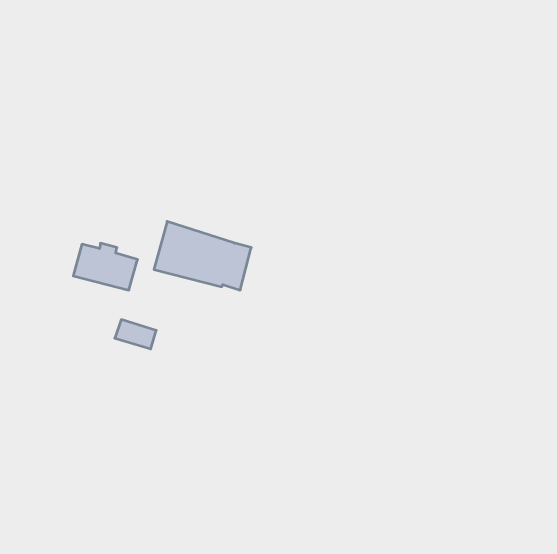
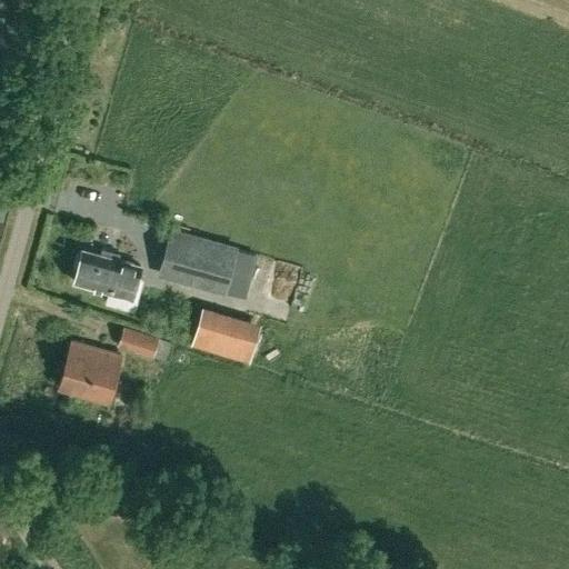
building: none -> [193,312,260,360]
building: none -> [60,343,122,403]

